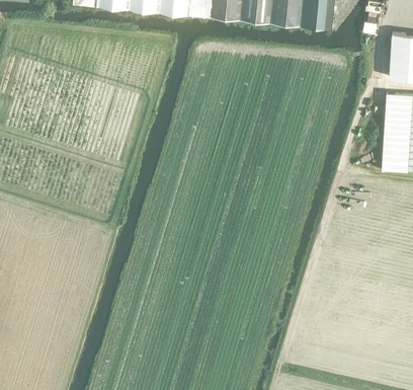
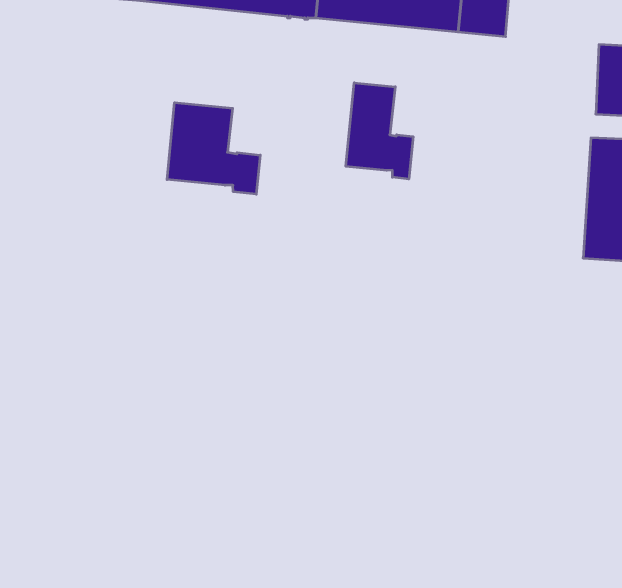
building: none -> [346,83,413,179]
building: none -> [167,103,260,194]

